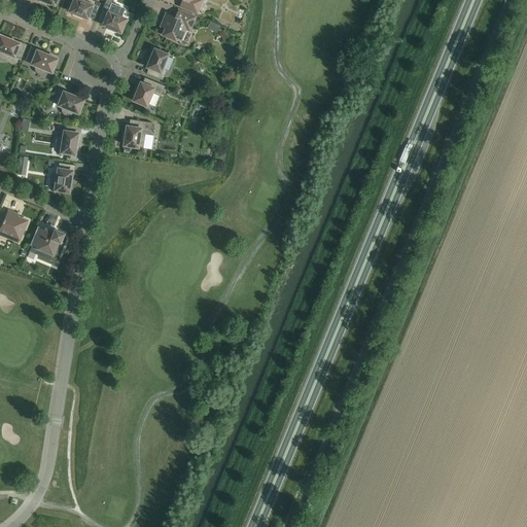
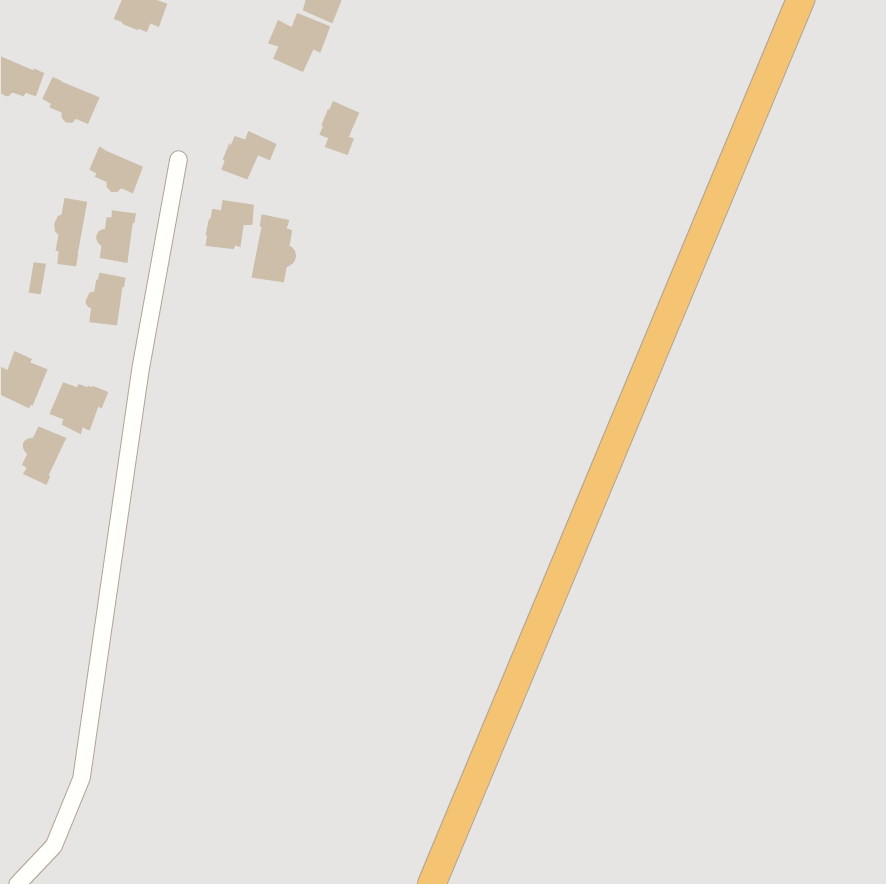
building: [99,4,128,34] -> none
building: [145,46,170,79] -> [319,100,360,156]
building: none -> [54,197,88,267]
building: none -> [251,214,297,283]
building: none -> [21,425,67,486]

